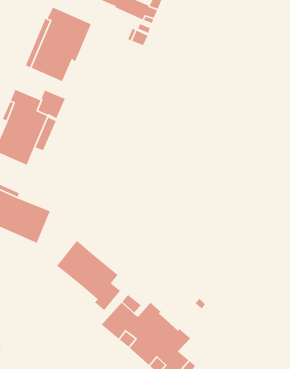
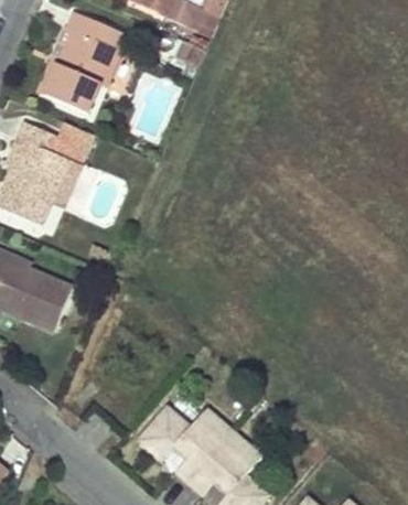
building: [56,240,122,311] -> none

